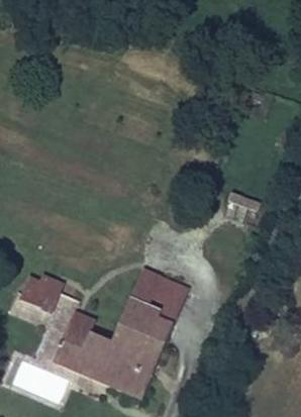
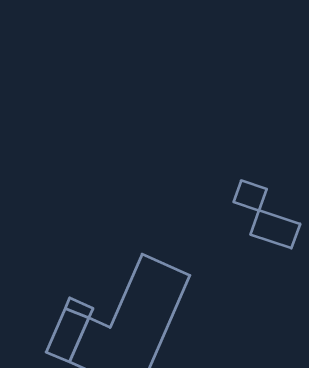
building: none -> [251,210,300,248]
building: [18,274,65,313] -> none

